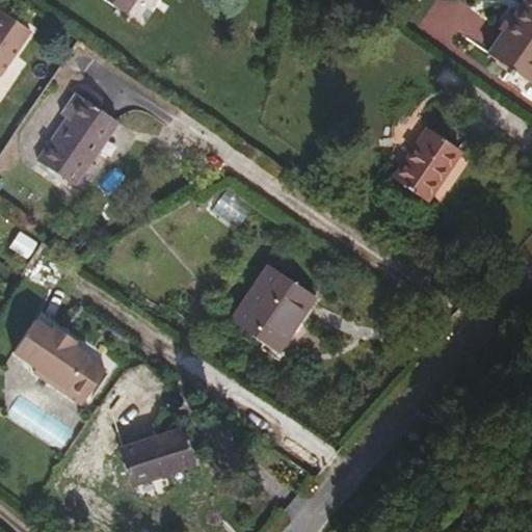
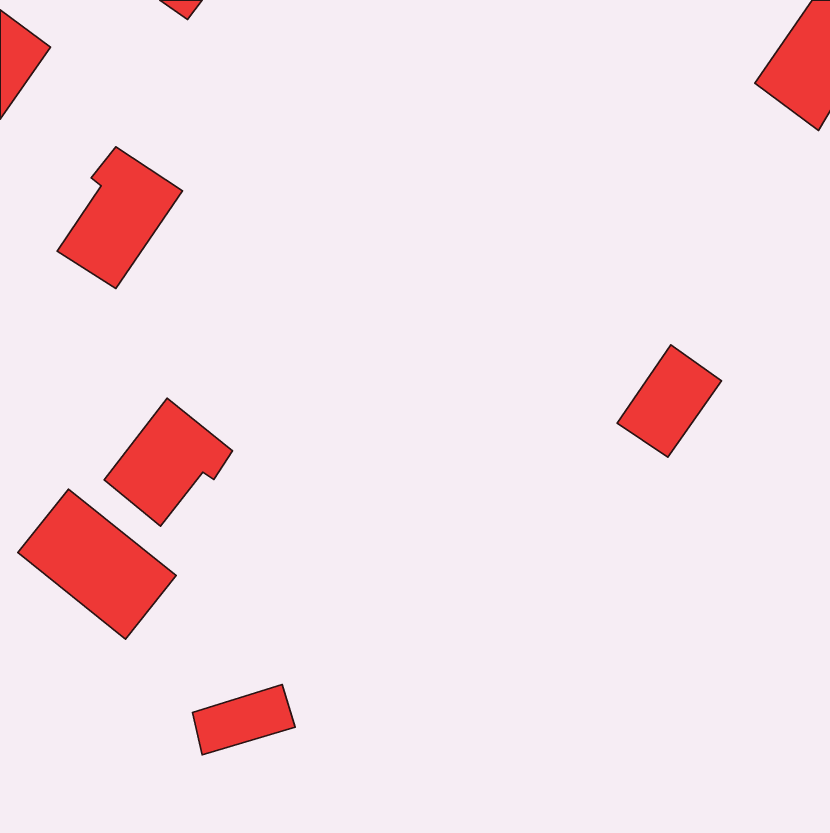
building: [389,126,455,197] -> [617,345,722,457]
building: none -> [104,398,232,526]
building: [230,266,313,354] -> none

